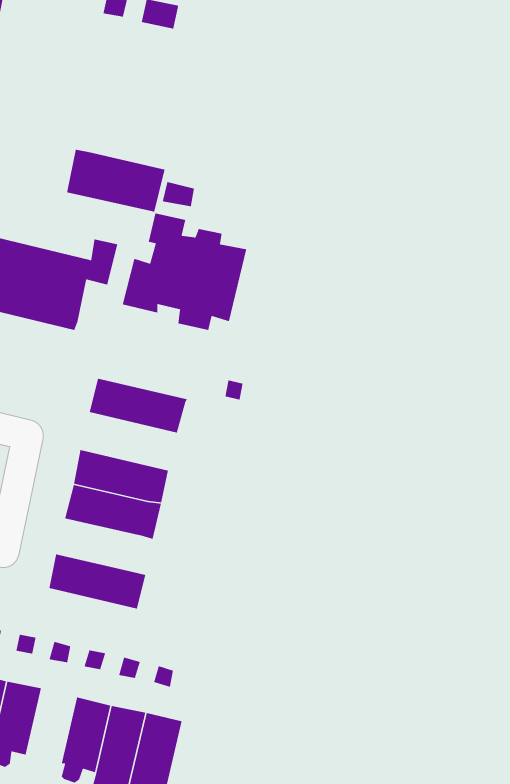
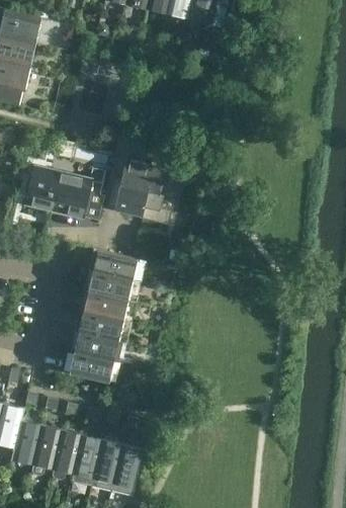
building: [66,149,166,212] -> none
building: none -> [82,268,139,302]
building: none -> [68,330,124,362]
building: none -> [51,428,80,479]

